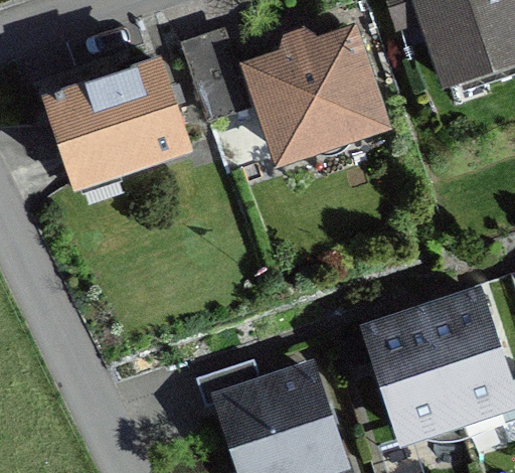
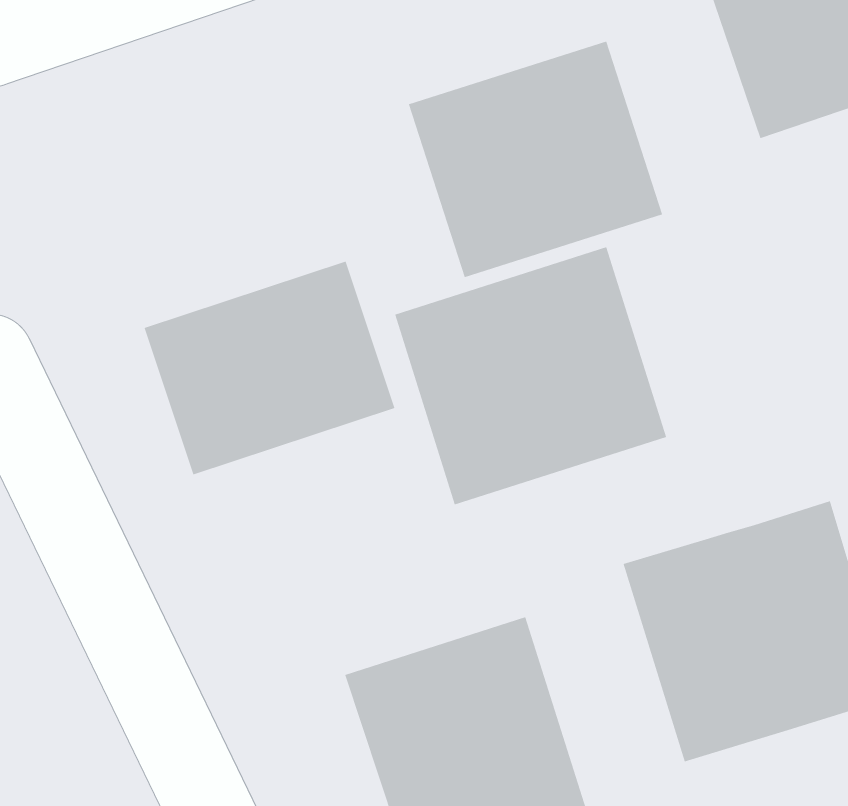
building: [45,60,189,183] -> [144,261,395,475]
building: none -> [394,246,667,505]

